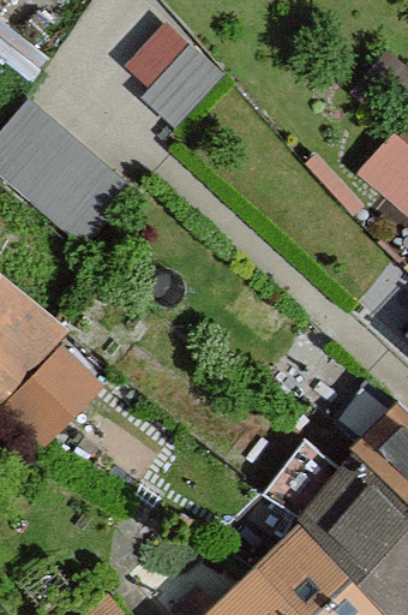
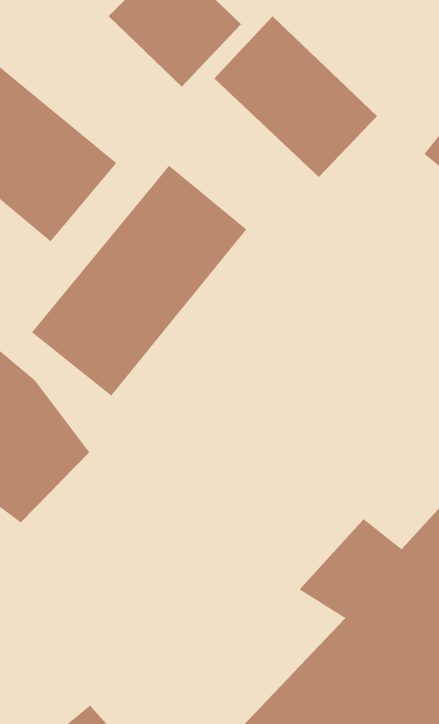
building: none -> [214,16,378,178]
building: none -> [31,165,247,396]

